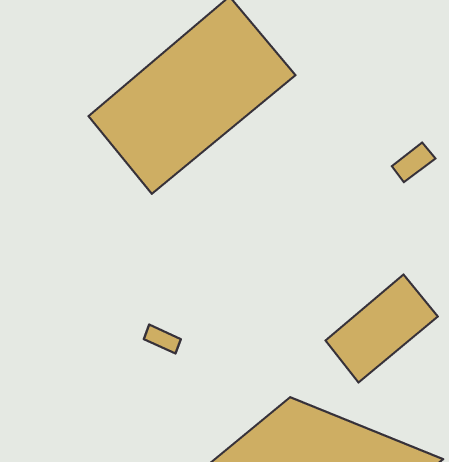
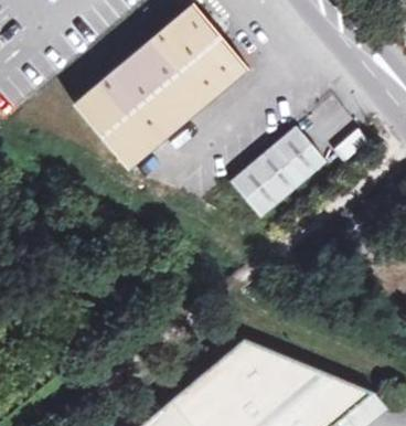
building: [326,274,438,383] -> [232,127,325,217]

